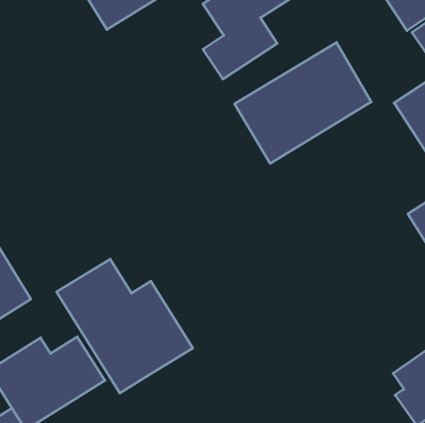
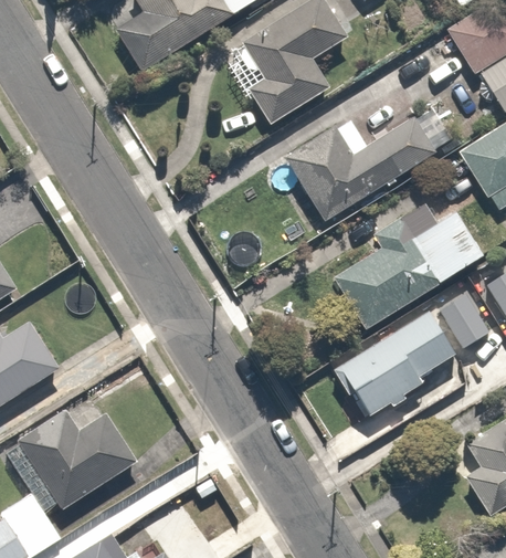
building: none -> [336,210,485,327]
building: none -> [338,291,491,414]
building: [57,259,193,393] -> none

